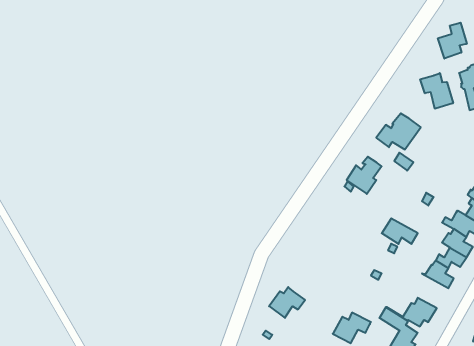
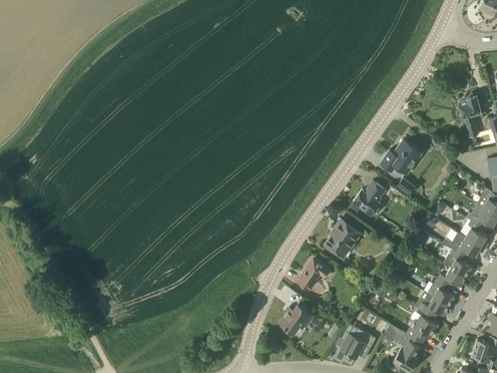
building: [438,23,467,59] -> none
building: [420,73,453,109] -> none
building: none -> [325,220,362,258]
building: [382,218,418,244] -> [415,292,449,316]
building: none -> [298,260,335,290]

